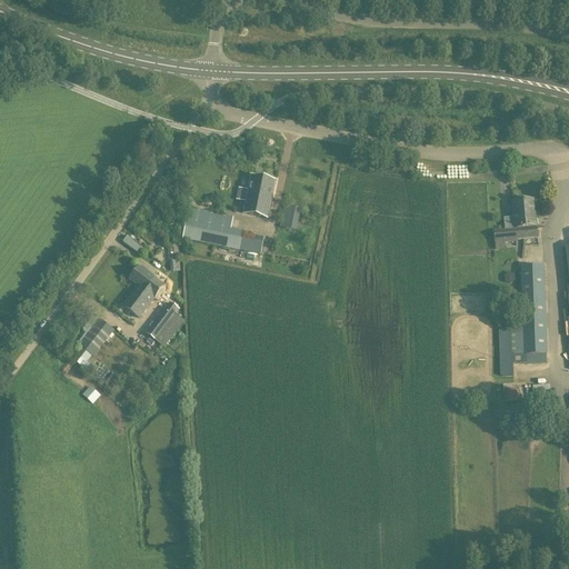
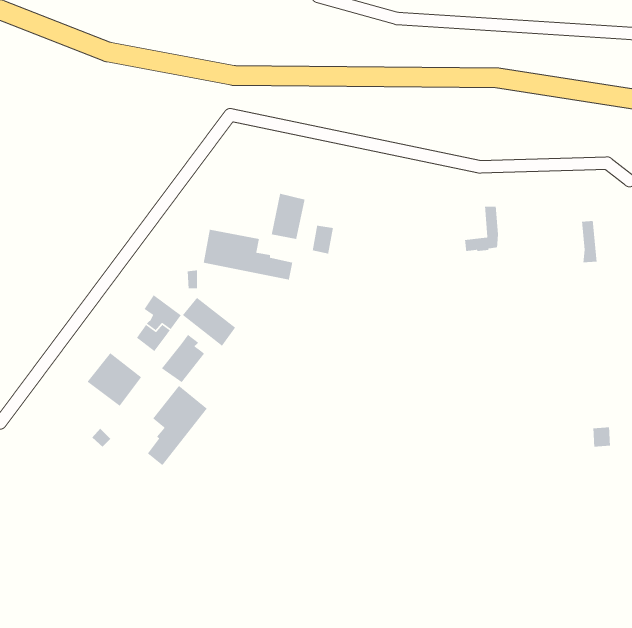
building: [493,199,525,240] -> [464,206,499,252]
building: [499,263,548,375] -> none
building: none -> [182,297,236,347]
building: none -> [147,385,208,466]

